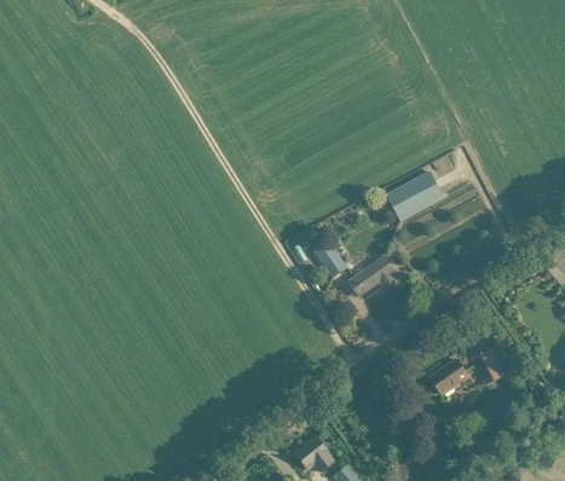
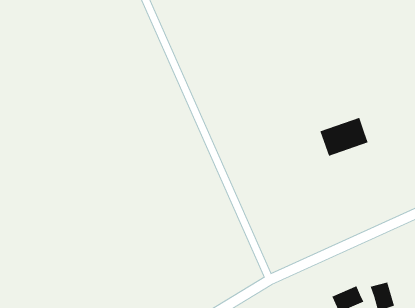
building: [316,243,347,277] -> none
building: [348,256,398,292] -> none

